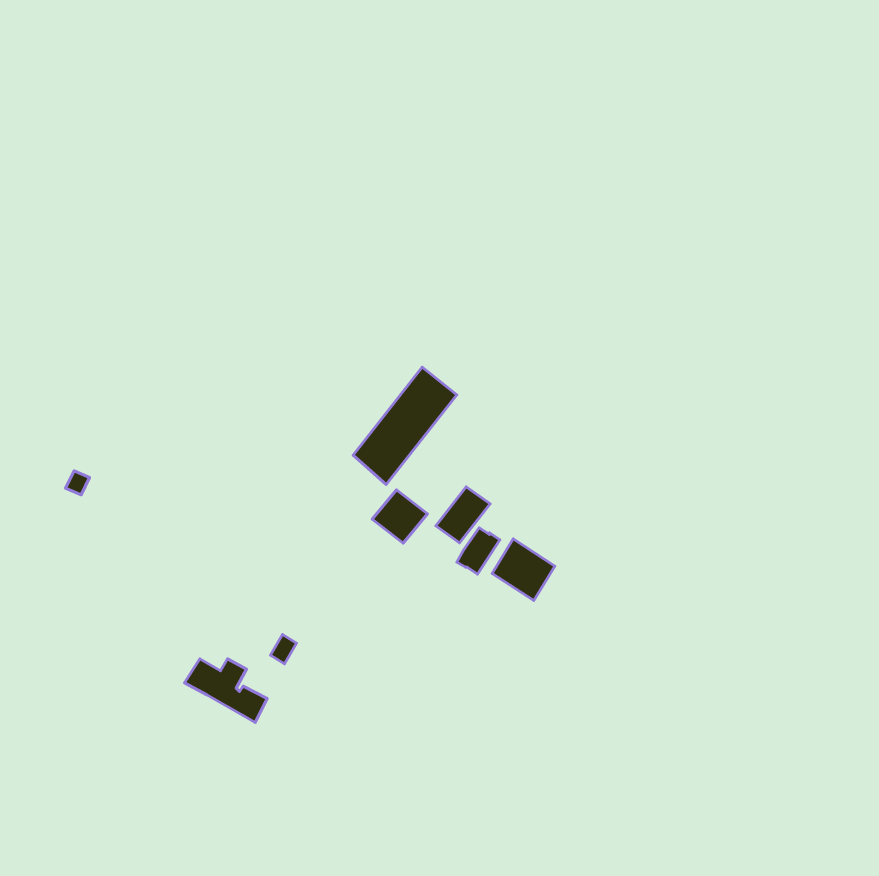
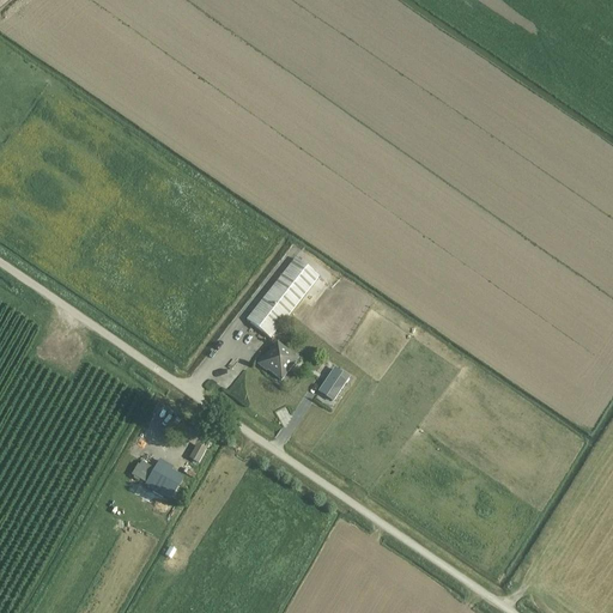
building: [436,487,490,543] -> none
building: [492,539,555,601] -> none

